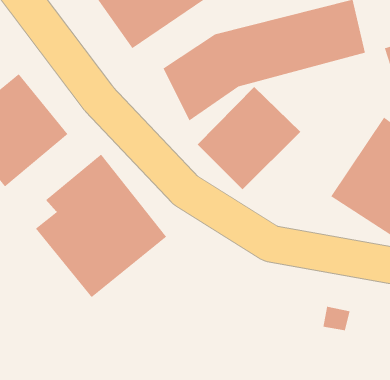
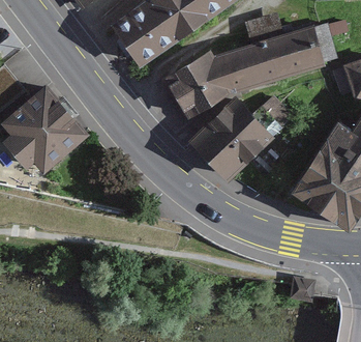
building: [35,154,167,298] -> none

